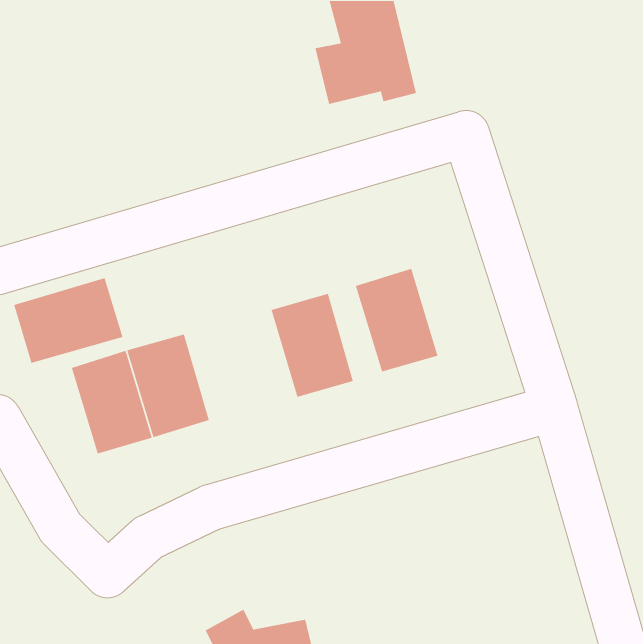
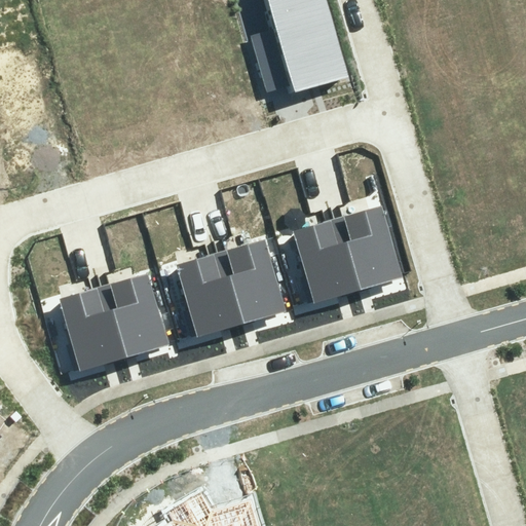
building: none -> [335,205,403,291]
building: [13,277,124,364] -> none
building: none -> [174,253,241,338]

